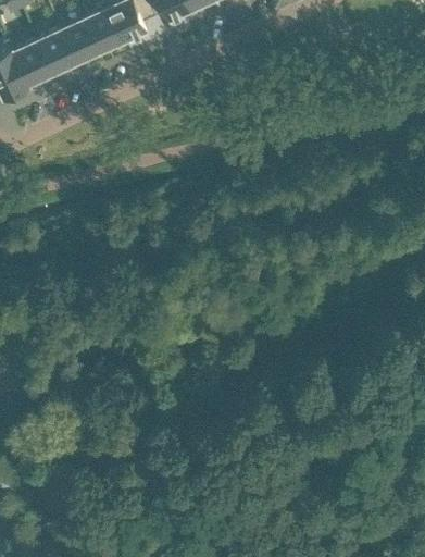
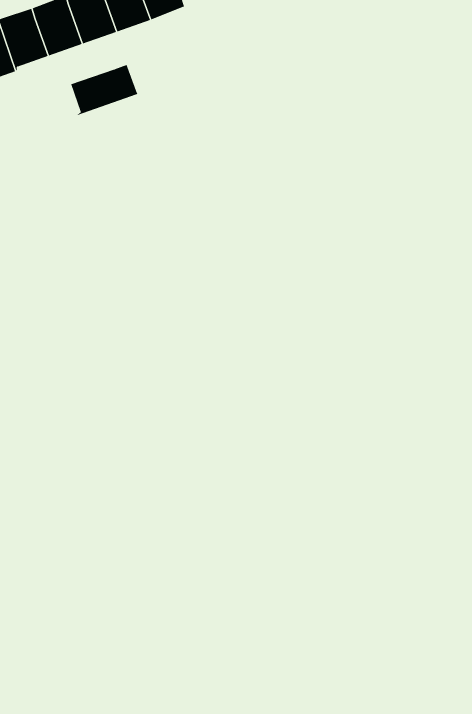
building: none -> [70,64,155,116]

